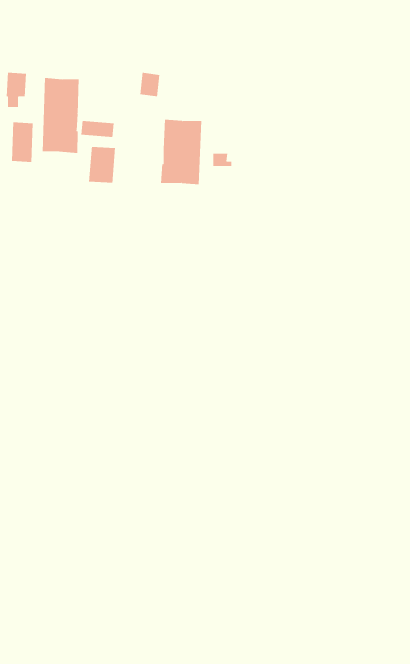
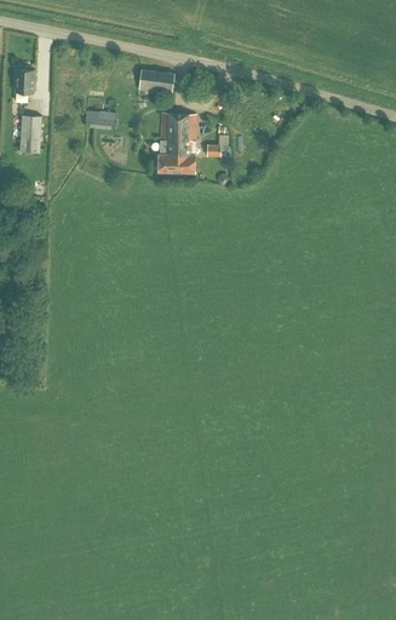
building: [42,77,79,154] -> none
building: [88,146,116,184] -> none

